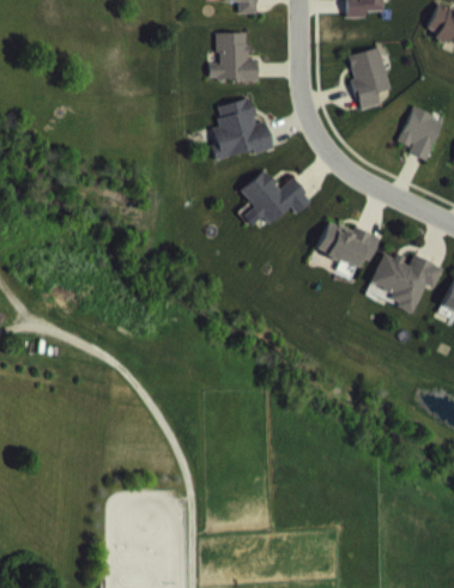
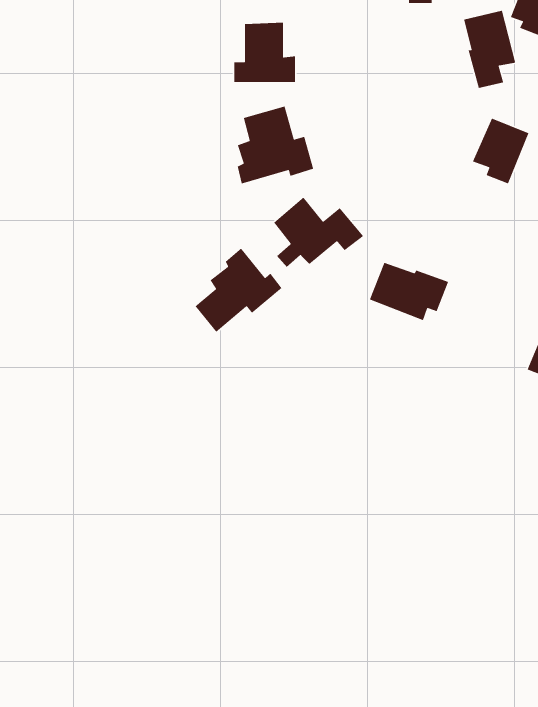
building: [349,48,391,110] -> [463,10,516,89]
building: none -> [194,247,282,333]
building: [371,251,442,313] -> none

